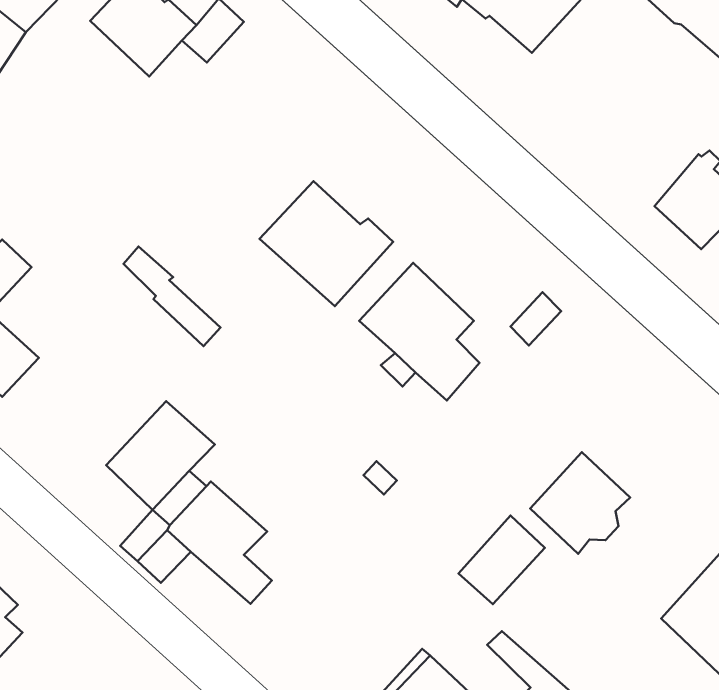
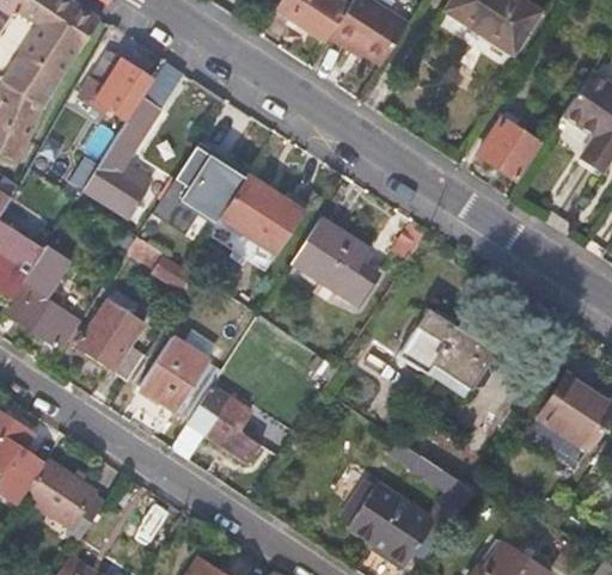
building: none -> [82,131,148,219]
building: none -> [157,142,247,227]
building: none -> [73,299,145,380]
building: [458,516,545,604] -> [400,310,455,371]

